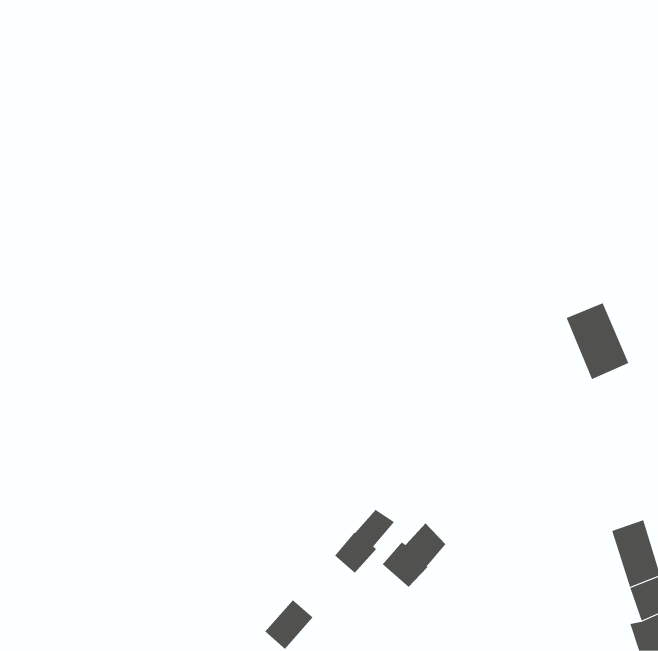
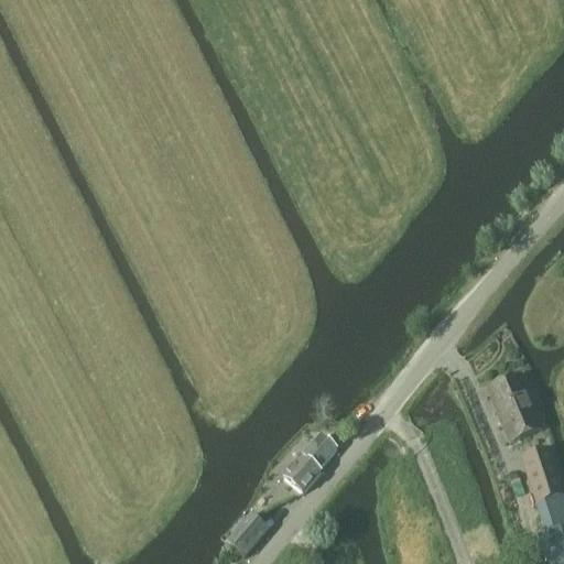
building: [566,303,629,380] -> [489,372,543,438]
building: [382,523,446,588] -> none

